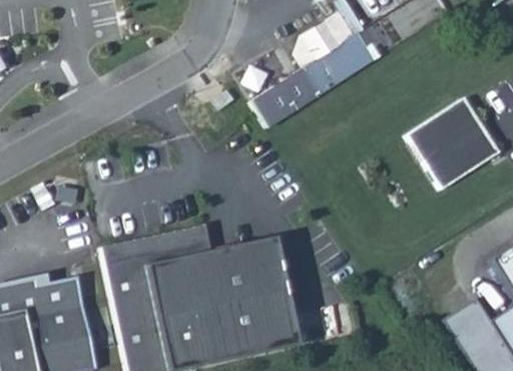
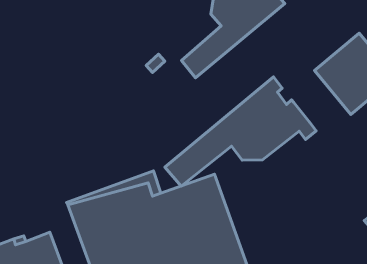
building: none -> [165,77,316,186]

